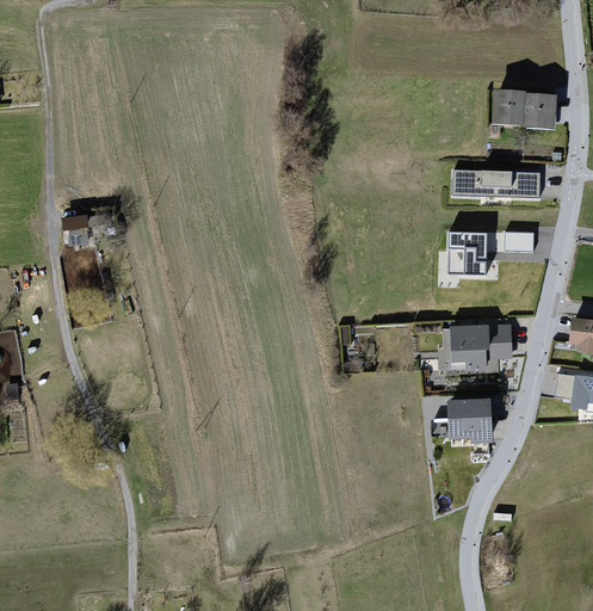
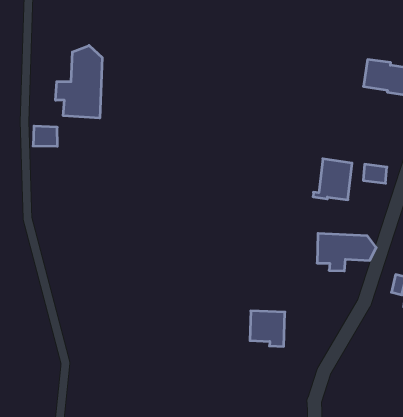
building: none -> [56,45,102,118]
building: [450,168,539,202] -> none
building: [446,397,494,444] -> [250,311,285,346]

